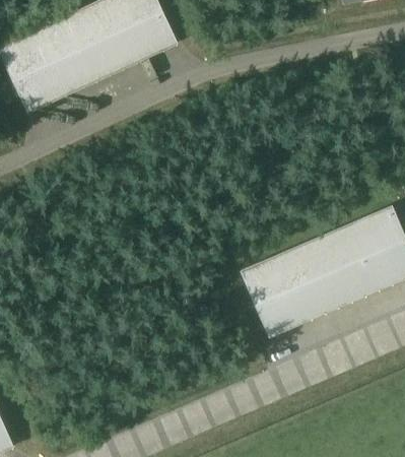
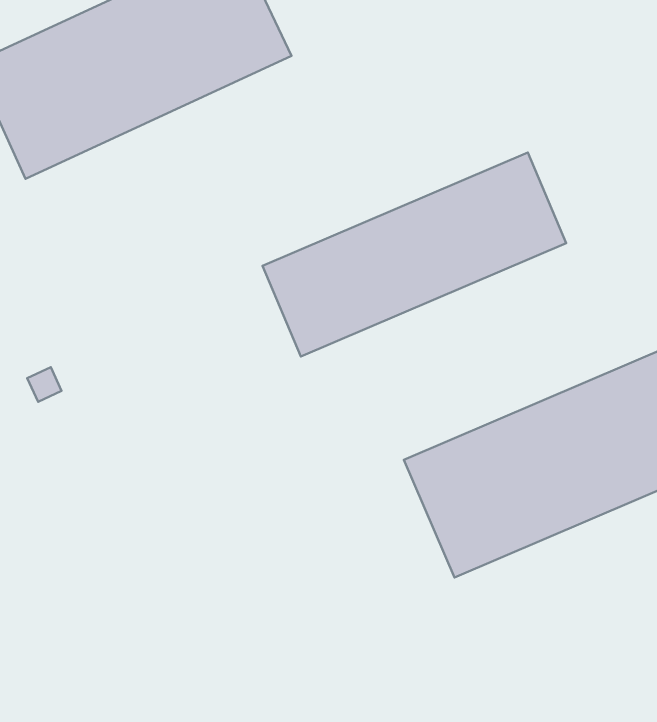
building: none -> [262,152,566,356]

